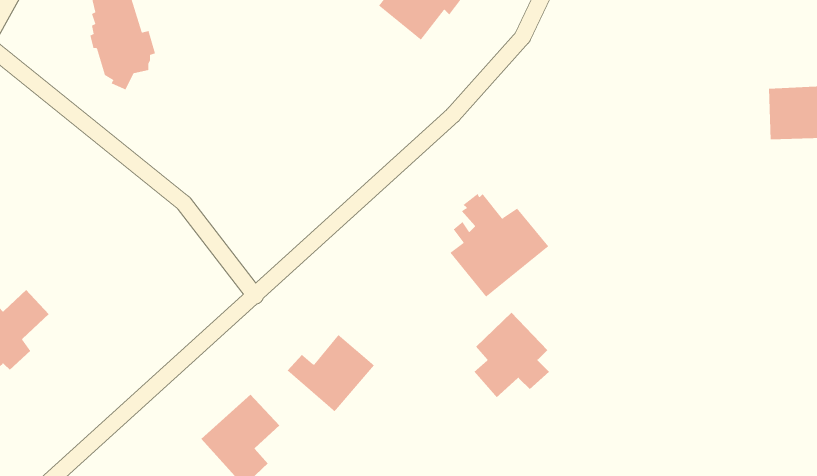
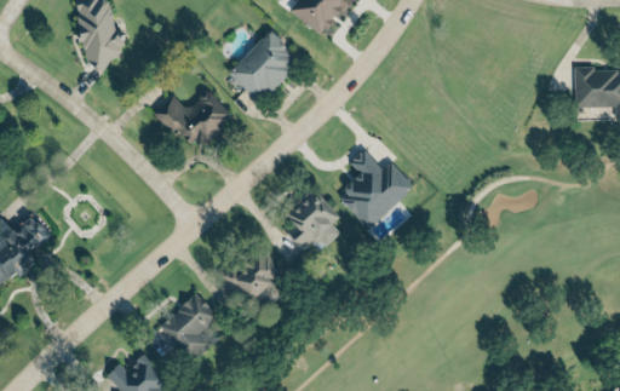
building: none -> [230,31,298,103]
building: none -> [156,91,230,148]
building: [473,312,550,398] -> [283,190,339,253]

